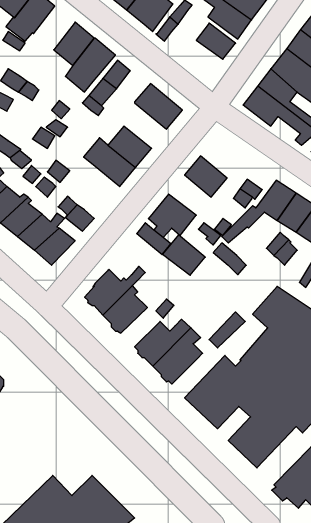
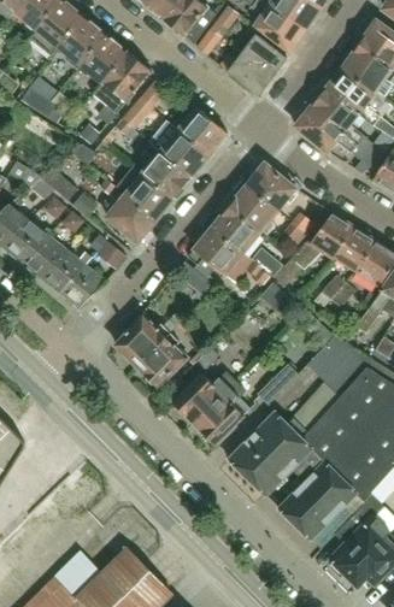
building: none -> [58,16,105,65]
building: none -> [228,47,272,95]
building: none -> [148,123,208,177]
building: none -> [247,164,295,211]
building: none -> [106,195,155,243]
building: [163,235,205,275] -> [211,207,259,253]

